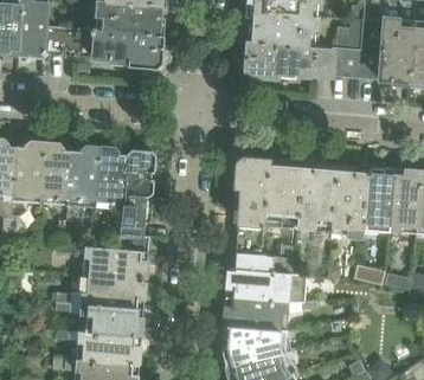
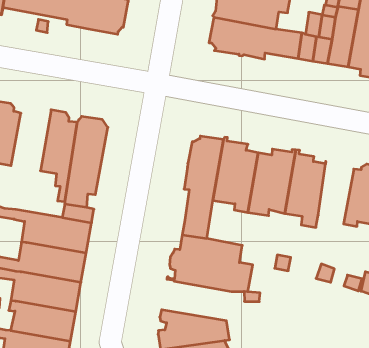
building: [66,147,99,206] -> none
building: [364,168,393,230] -> none
building: [223,300,288,333] -> none

